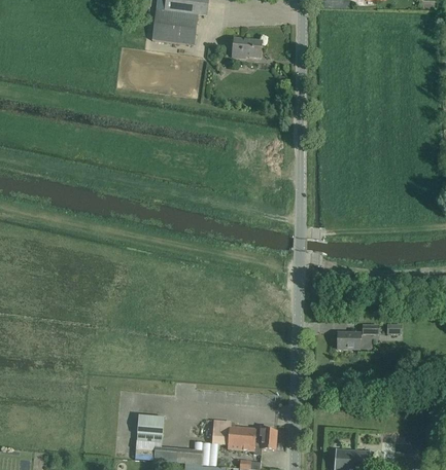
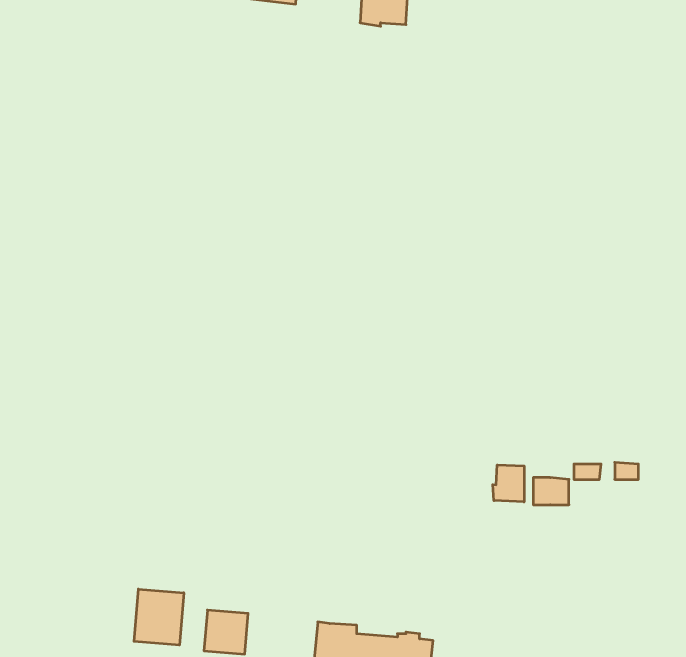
building: none -> [493,465,524,502]
building: none -> [134,589,184,645]

